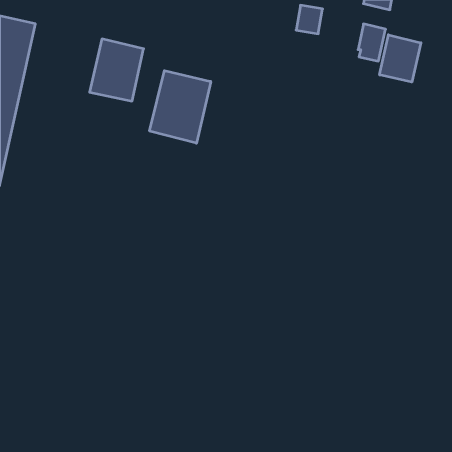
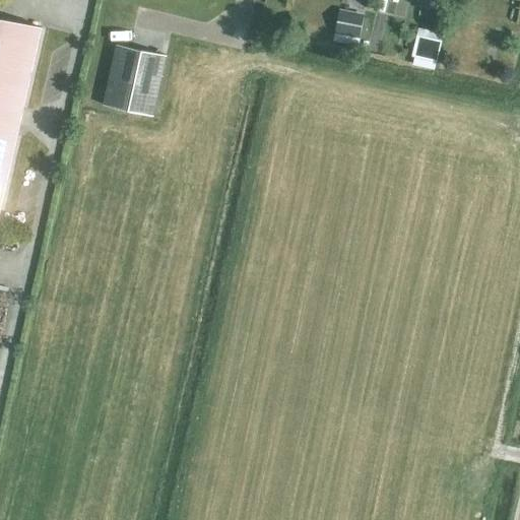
building: [380,35,421,82] -> none
building: [150,71,211,143] -> none

